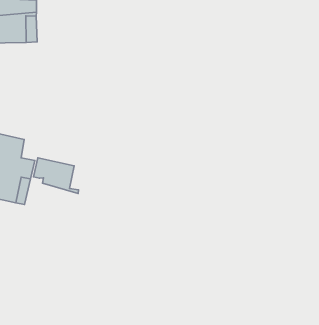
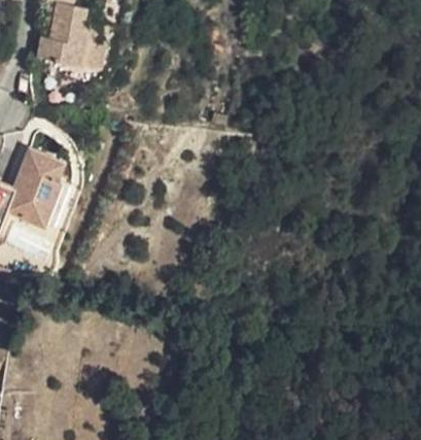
building: [33,158,78,194] -> none

